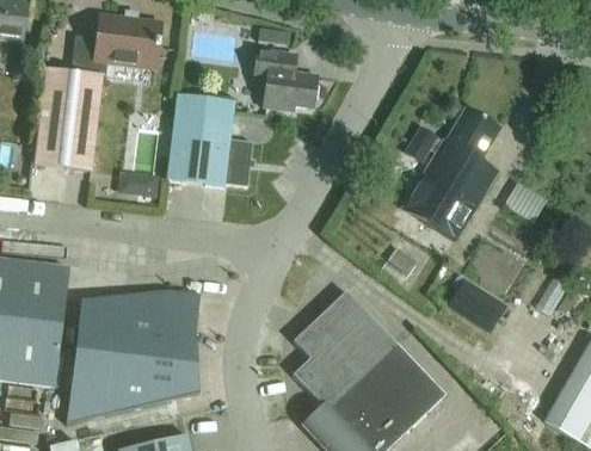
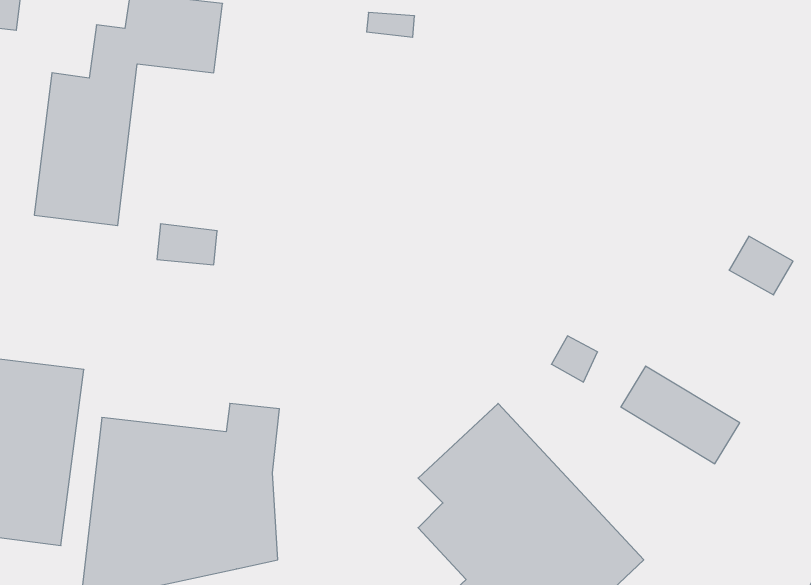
building: [253,50,316,110] -> none
building: [165,93,251,186] -> none
building: [402,107,499,240] -> none

